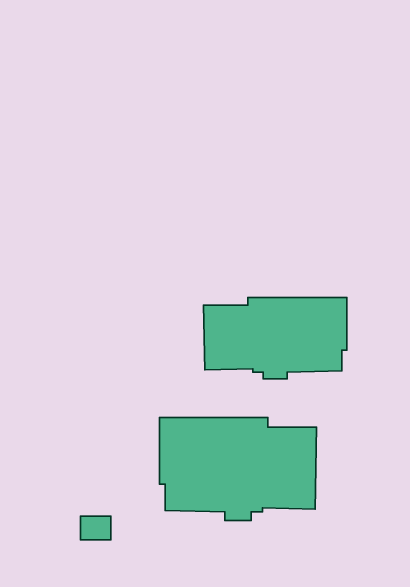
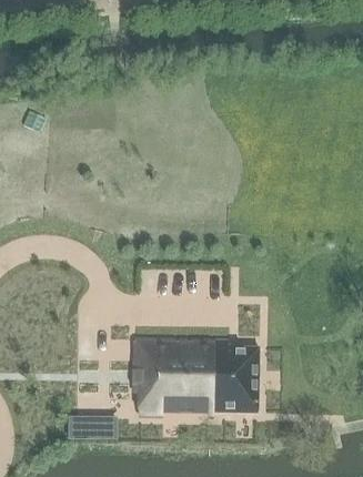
building: [203,298,347,379] -> none

